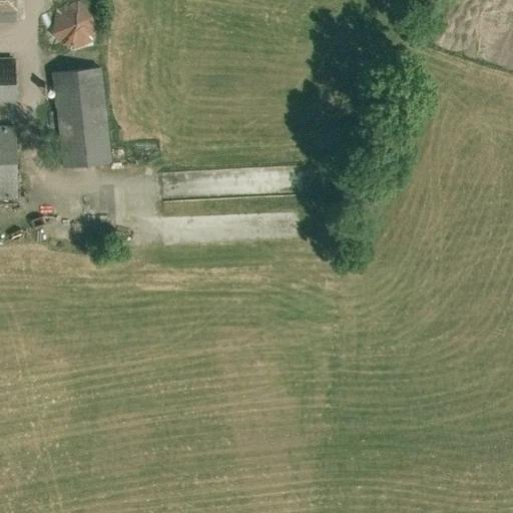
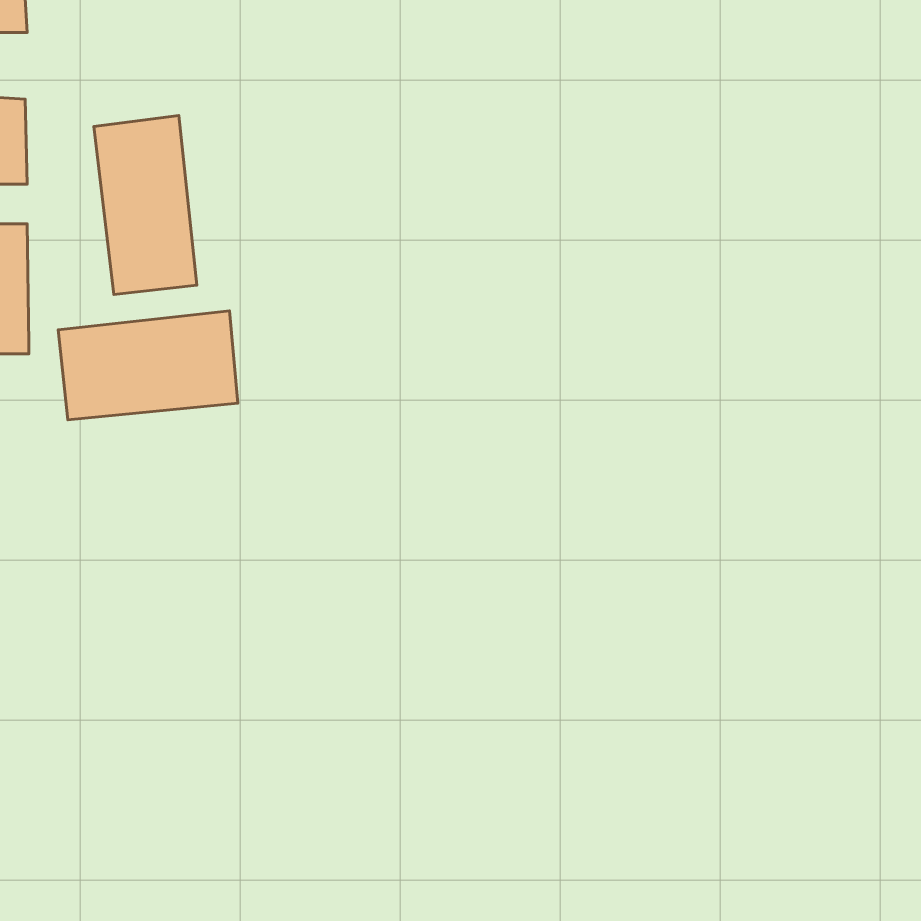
building: [46,11,91,53] -> none
building: none -> [58,311,238,420]

